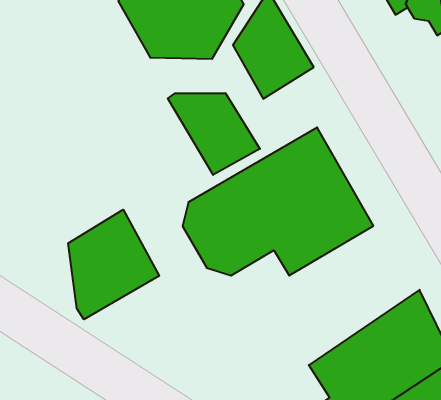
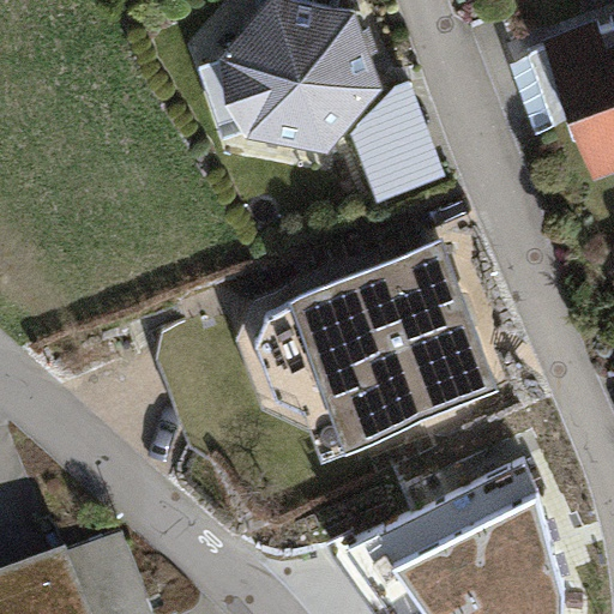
building: [168,93,260,175] -> none
building: [68,210,159,319] -> none

